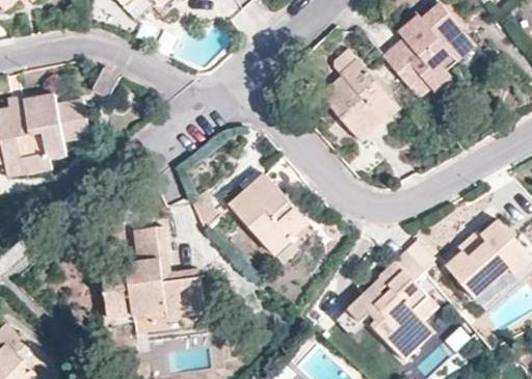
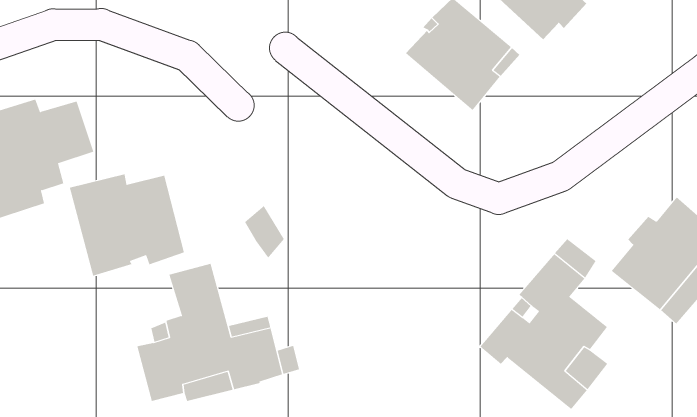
building: none -> [69,174,185,277]
building: [231,173,309,254] -> none

